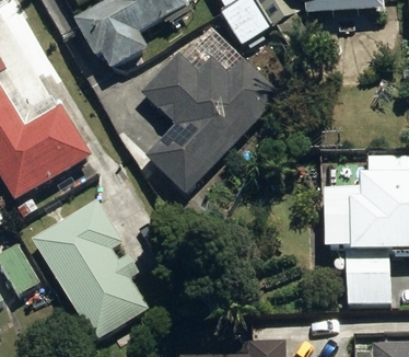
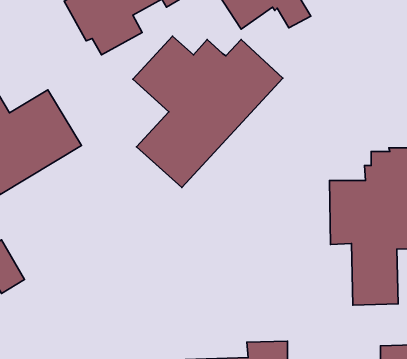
building: [32,199,147,339] -> none

